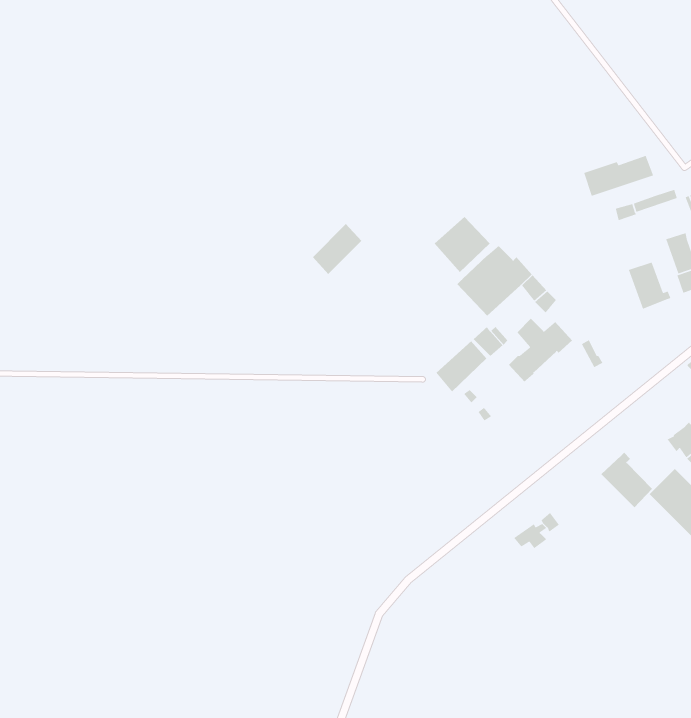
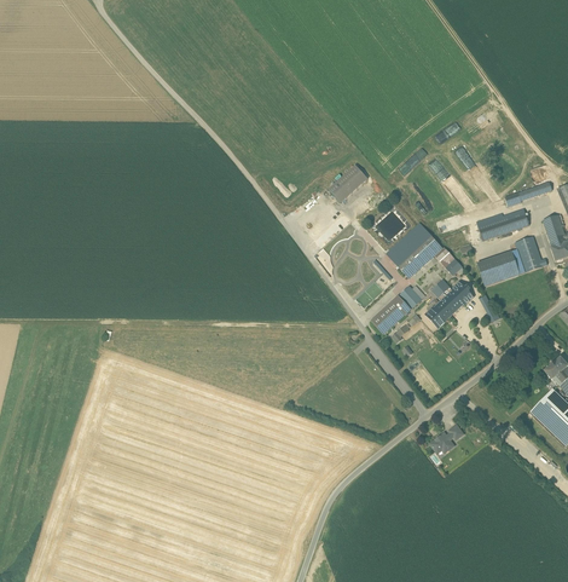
building: [583,155,654,197] -> [476,209,529,241]
building: [312,223,362,275] -> [330,166,367,204]
building: none -> [477,252,520,287]
building: [601,452,653,508] -> none

